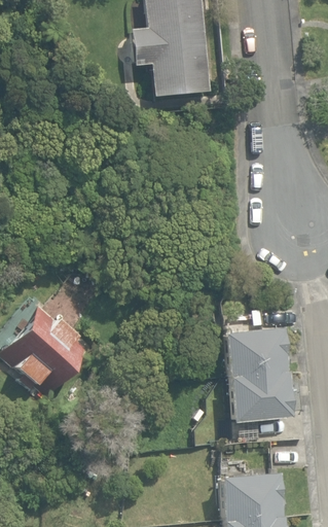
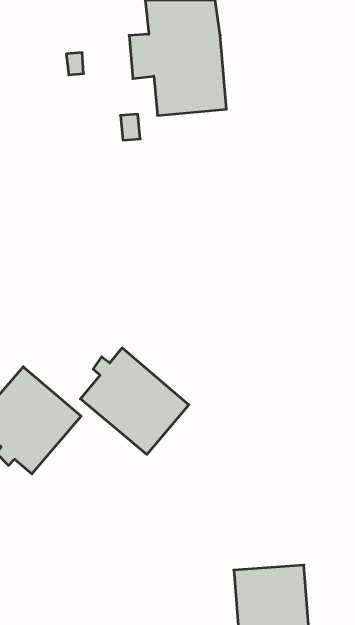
building: none -> [80,348,189,454]
building: [225,328,292,422] -> none

